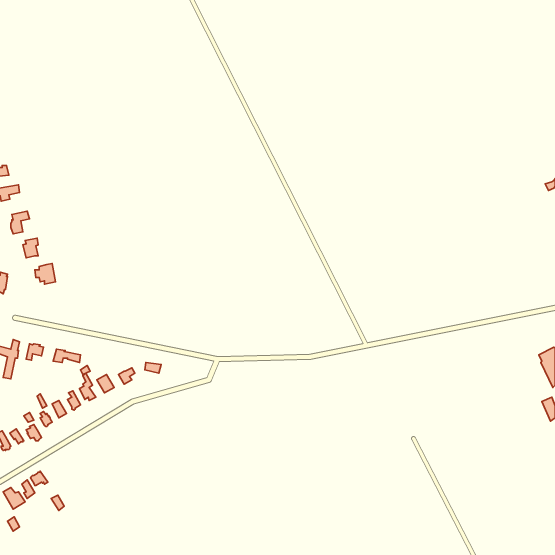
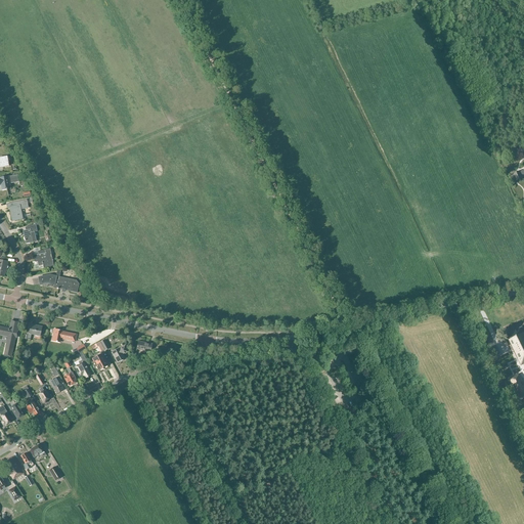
building: none -> [40,270,78,292]

